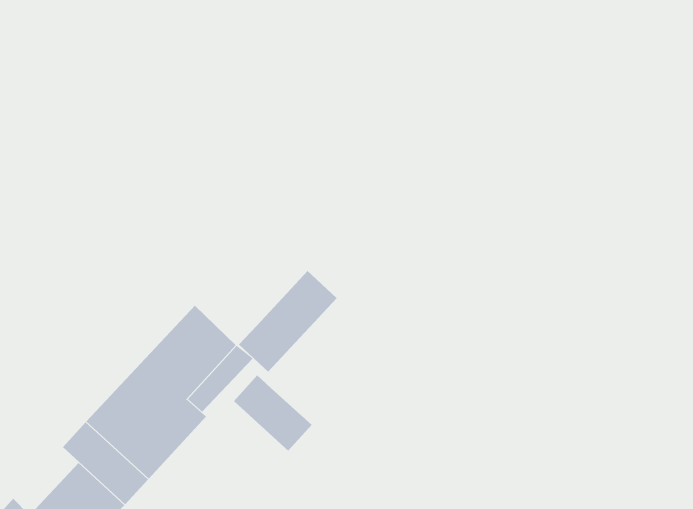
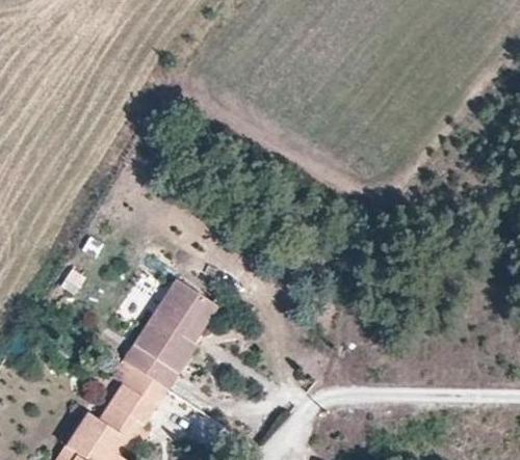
building: [238,270,338,372] -> none
building: [233,375,312,451] -> none

